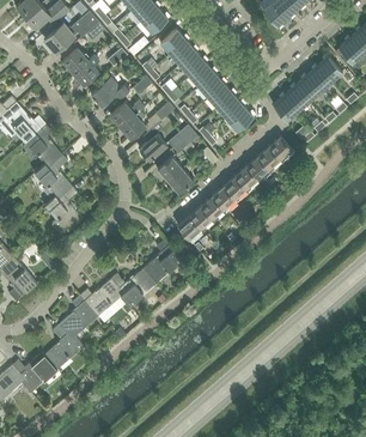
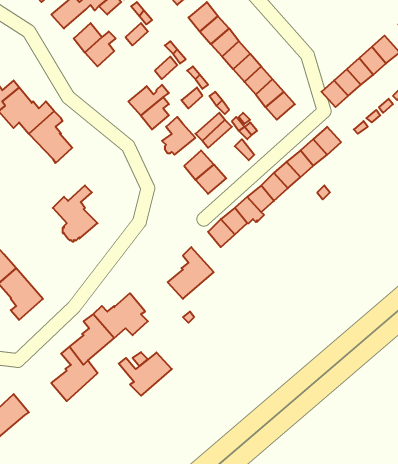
building: [91,77,129,107] -> none
building: [35,153,73,199] -> none
building: [111,268,157,305] -> [119,352,172,396]
building: [12,352,57,392] -> none

